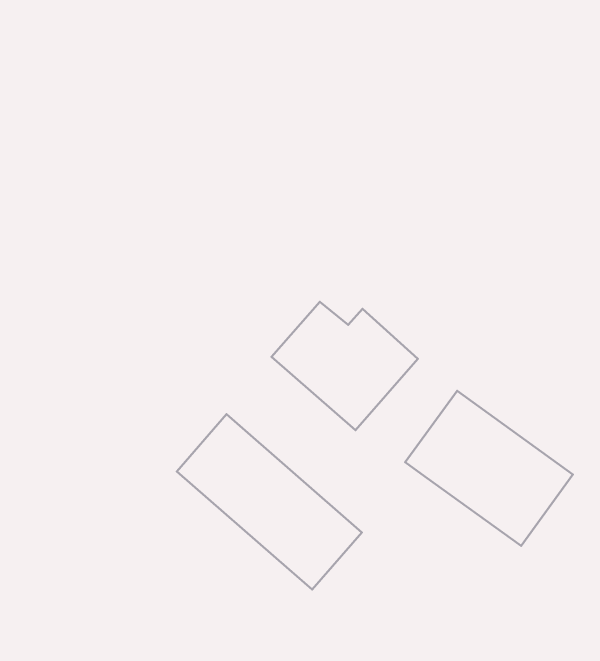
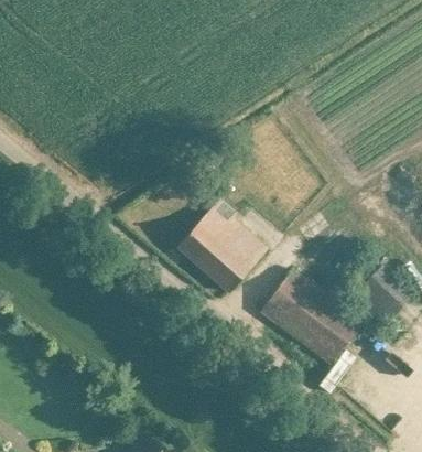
building: [177,414,362,589] -> none

